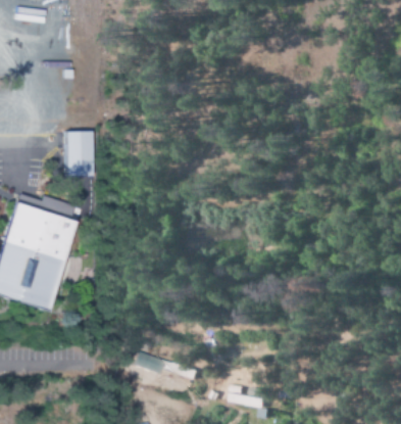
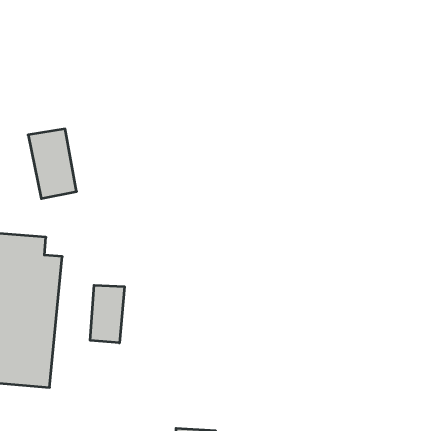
building: none -> [90,285,124,343]

